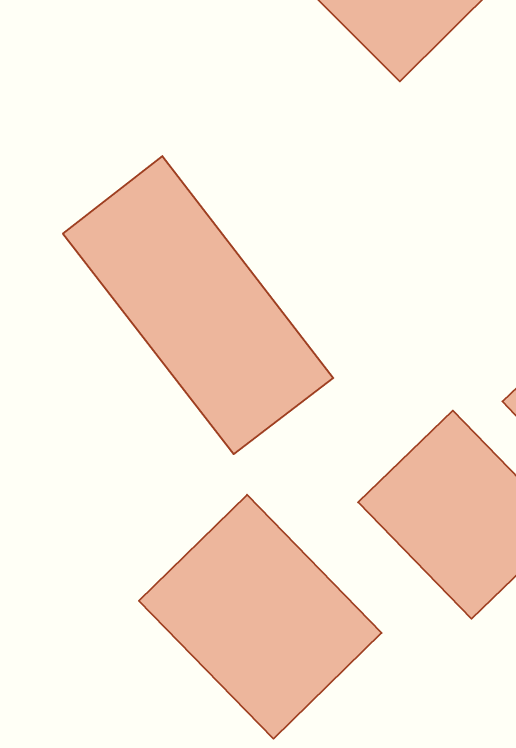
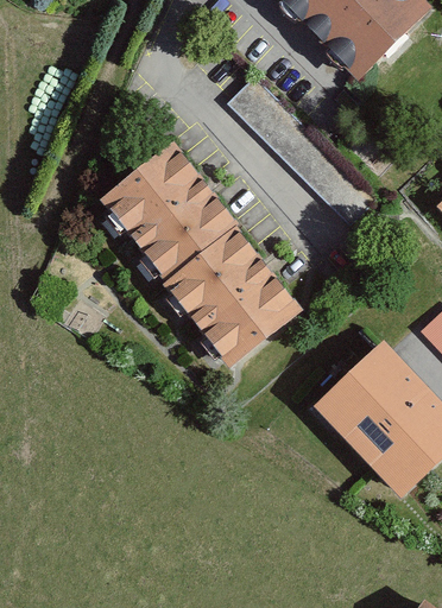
building: none -> [229,78,384,227]
building: [139,495,382,739] -> none

